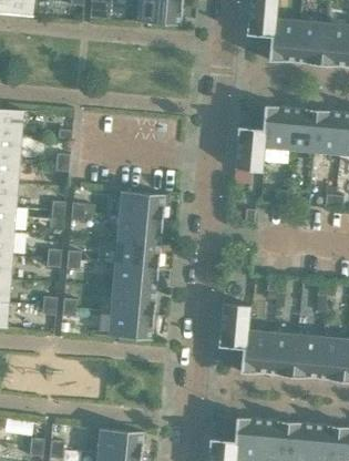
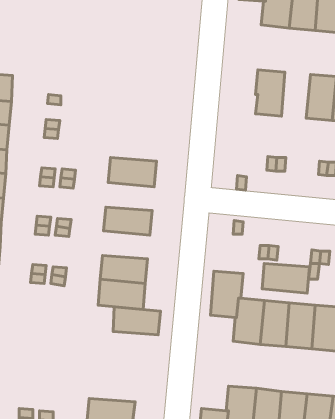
building: [288,106,317,152] -> none
building: [234,125,265,172] -> none
building: [115,215,163,243] -> none
building: [112,263,158,290] -> [113,307,160,335]
building: none -> [262,264,309,293]

